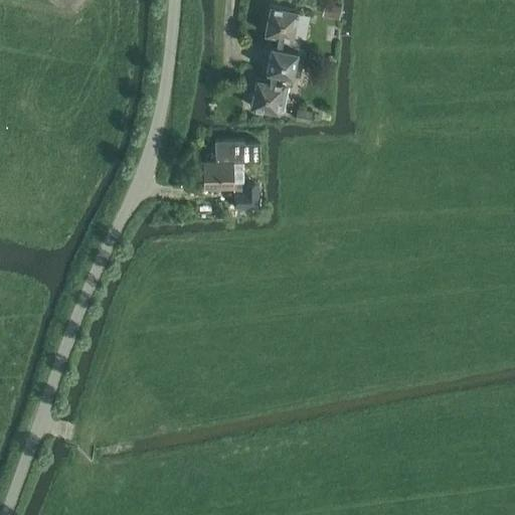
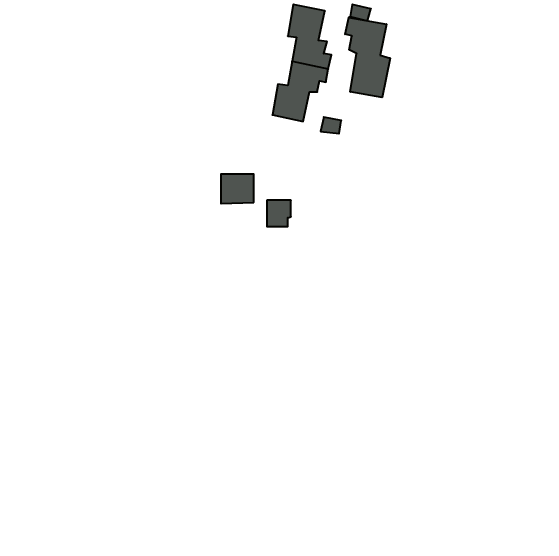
building: none -> [345,17,390,97]
building: [215,142,260,163] -> none

